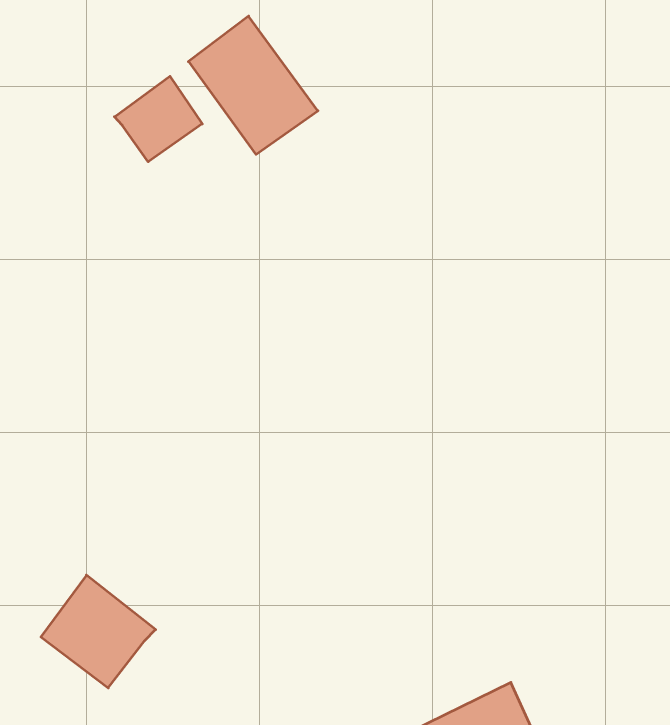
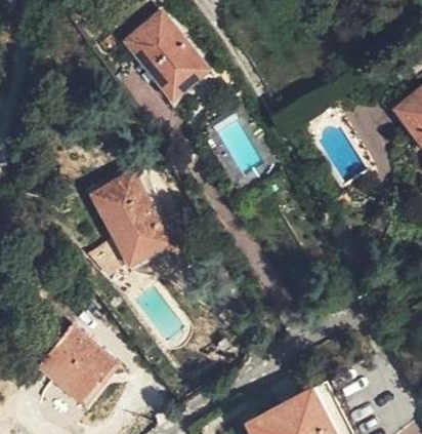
building: [114,76,202,162] -> none
building: none -> [94,180,163,261]

